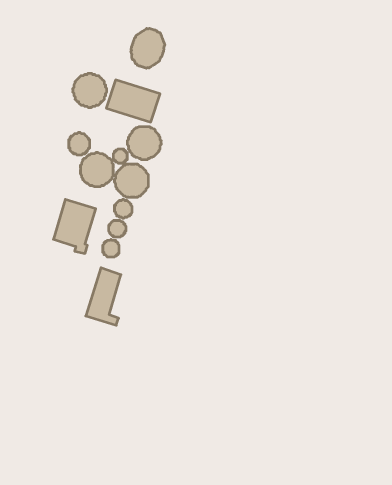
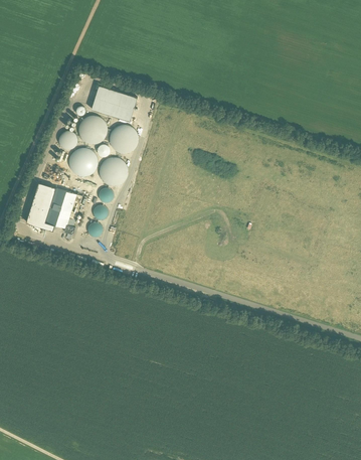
building: [131,28,165,68] -> none
building: [73,73,107,107] -> [78,115,108,144]
building: [86,268,121,325] -> [26,181,56,231]

